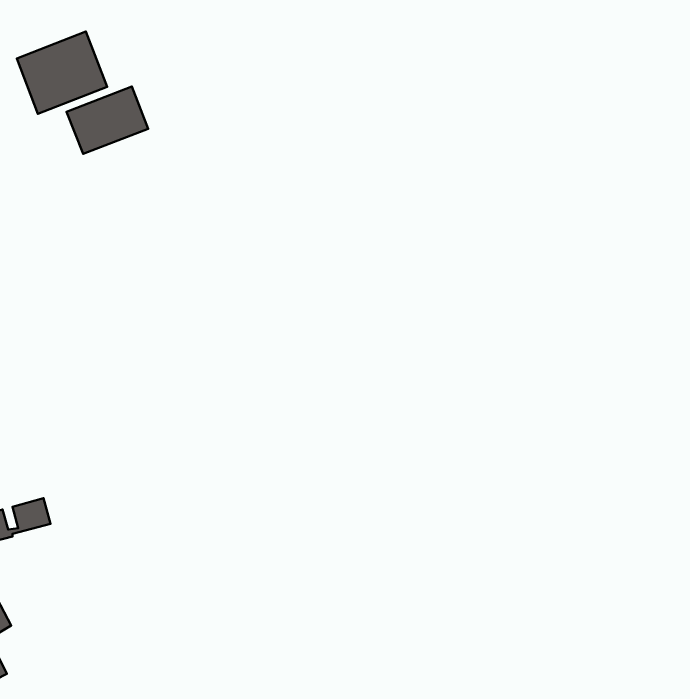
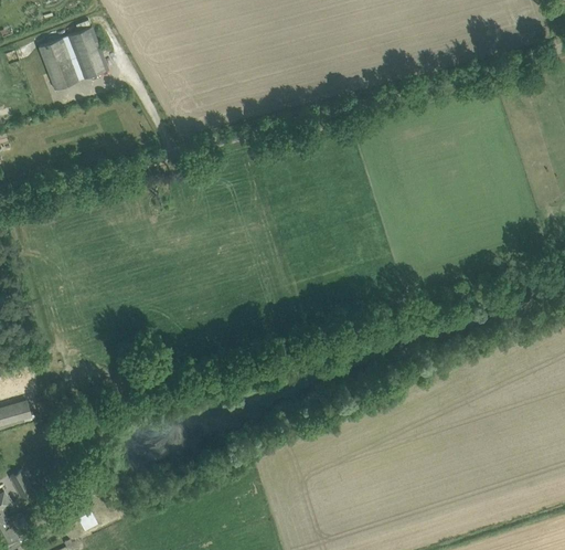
building: [67,86,148,154] -> none

